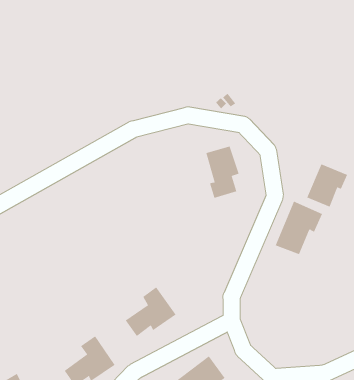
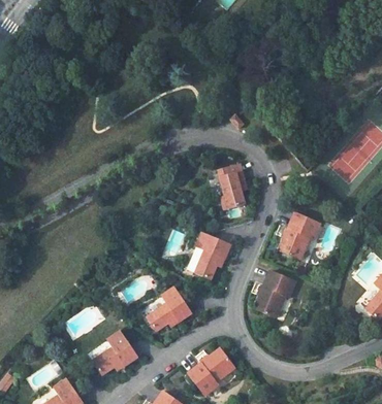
building: [307,163,348,207] -> none
building: none -> [194,232,230,279]
building: none -> [253,270,295,317]

